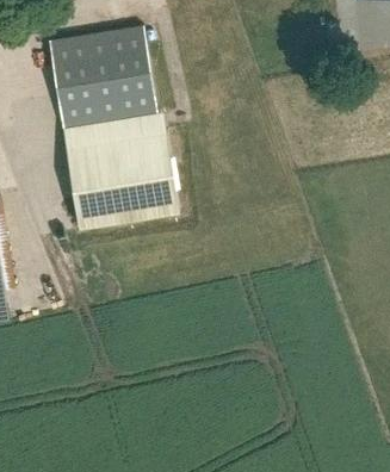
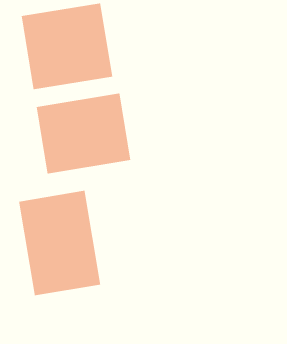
building: none -> [19,190,101,296]

